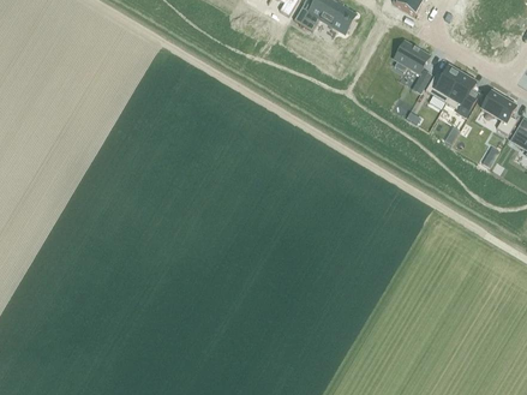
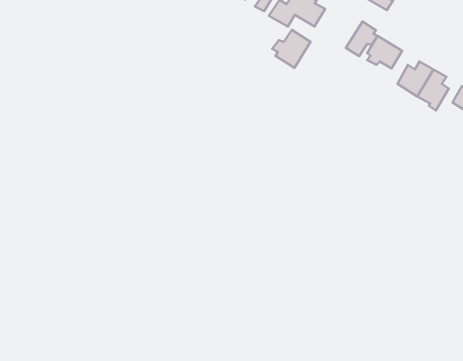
building: none -> [346,21,378,56]
building: none -> [272,30,311,68]

